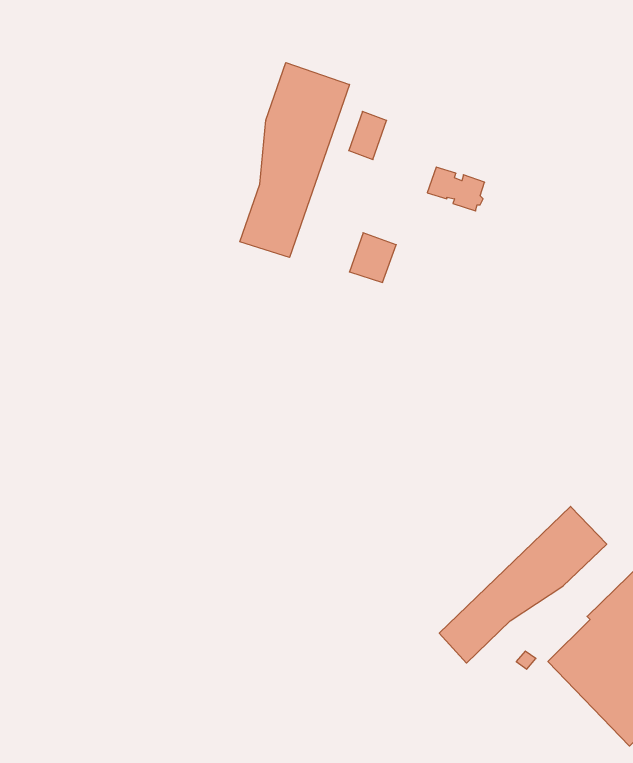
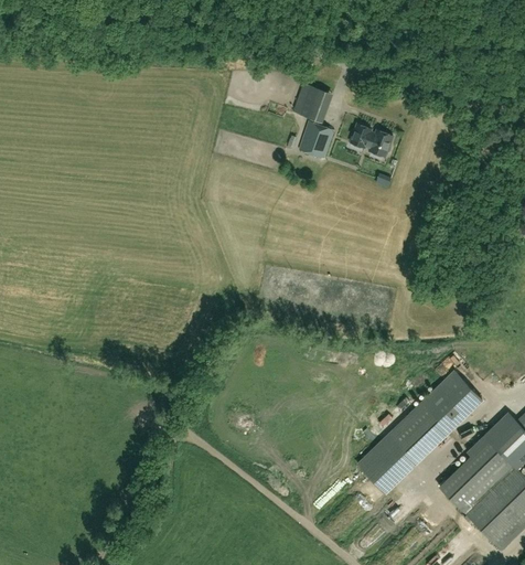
building: [240,63,349,257] -> none
building: [349,233,396,282] -> [300,121,334,158]

